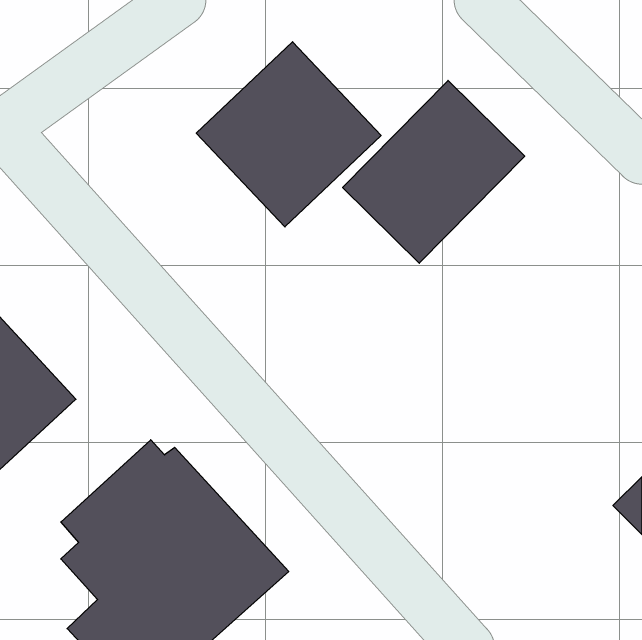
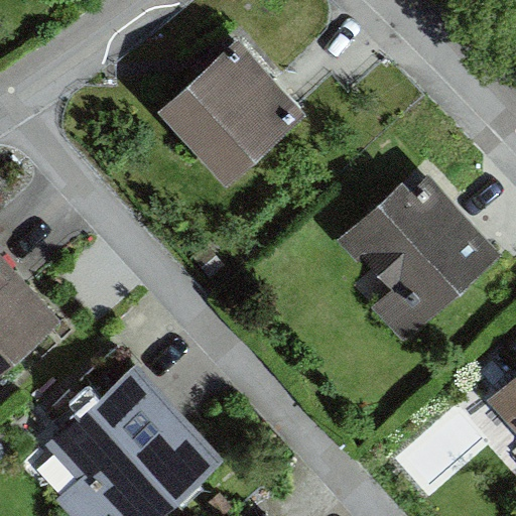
building: [343,80,525,263] -> none
building: none -> [338,179,506,353]

